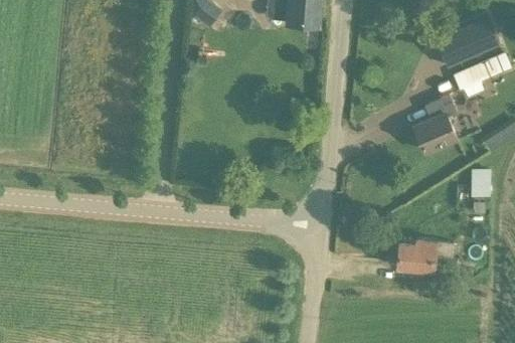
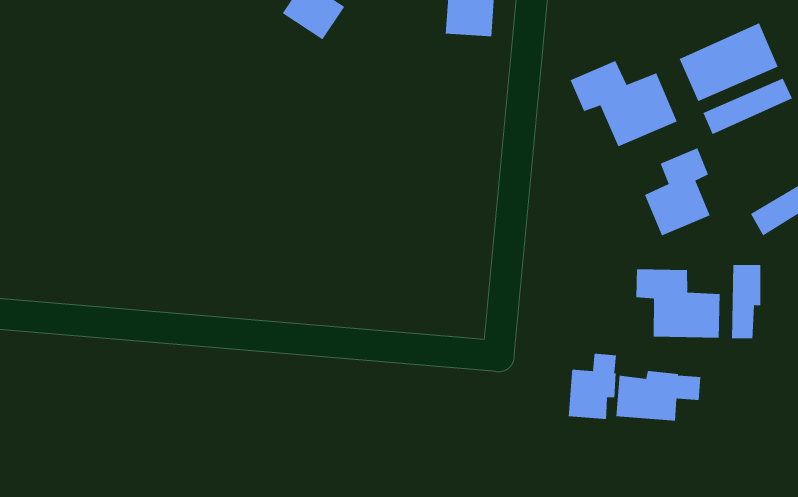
building: none -> [570,60,677,147]
building: none -> [636,269,720,339]
building: none -> [568,353,616,420]

